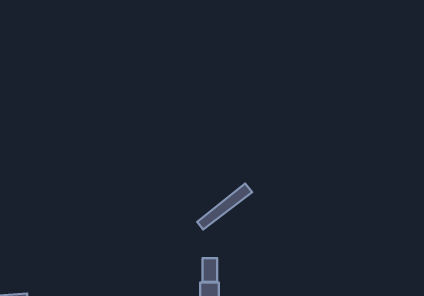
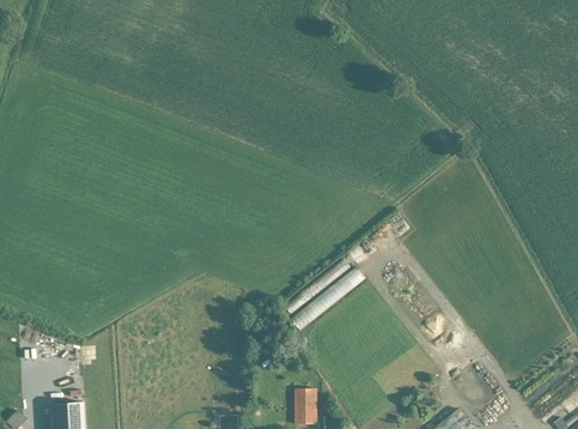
building: [202,258,217,282] -> none

